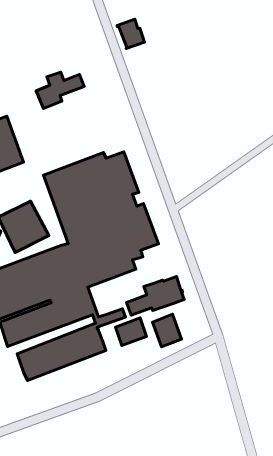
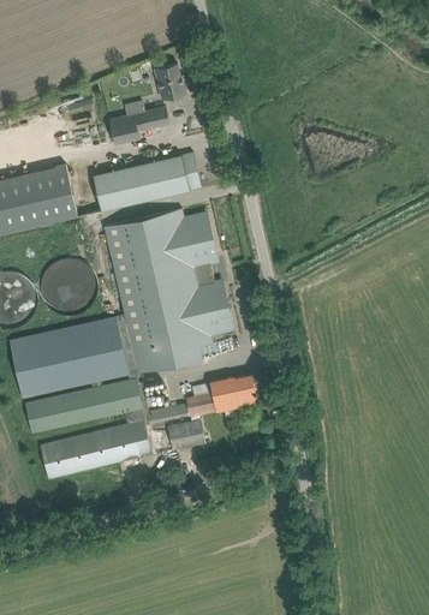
building: [117,19,145,48] -> [154,65,185,100]
building: none -> [91,153,201,211]
building: [152,314,181,347] -> none

